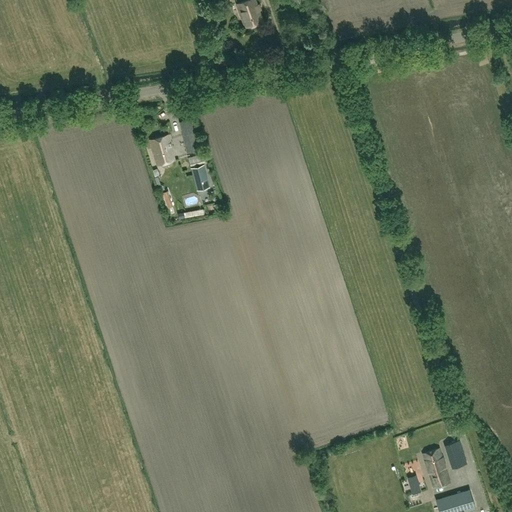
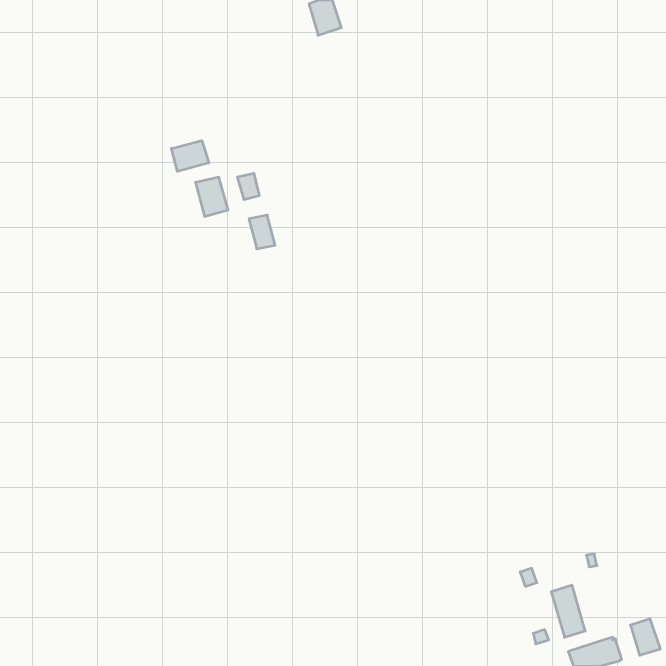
building: none -> [171,141,209,171]
building: [444,440,467,468] -> [630,619,660,655]

